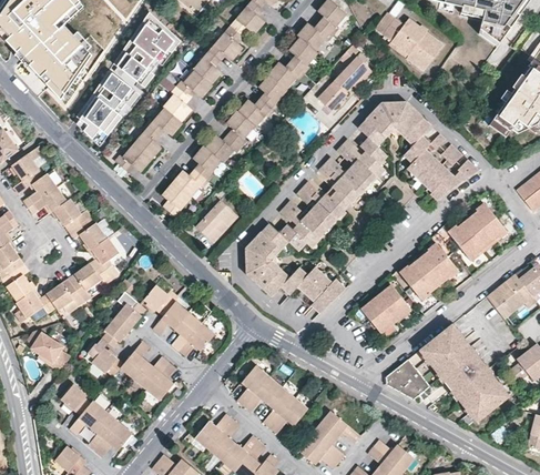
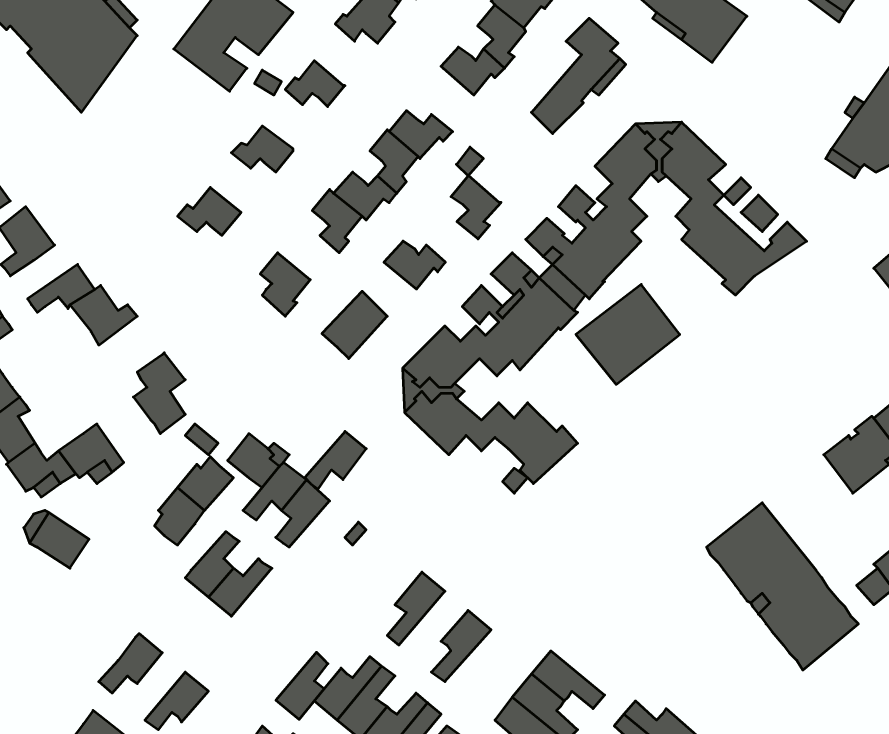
building: [193,48,220,83] -> none
building: [75,73,137,139] -> none
building: [258,73,287,110] -> [451,175,501,239]
building: [164,85,192,120] -> none
building: [134,122,161,156] -> none
building: [173,168,208,195] -> [384,241,445,289]
building: [23,173,58,206] -> none
building: [449,202,509,261] -> none
building: [70,216,106,250] -> none
building: [400,242,460,300] -> [576,284,680,384]
building: [69,263,102,301] -> none
building: [361,284,412,333] -> none
building: [180,323,215,356] -> [305,431,366,489]
building: [89,337,123,376] -> none
building: [386,358,430,400] -> none
building: [146,362,176,401] -> [276,652,328,719]
building: [243,375,283,412] -> none
building: [61,384,91,415] -> none
building: [269,397,309,433] -> none
building: [89,411,120,449] -> none

